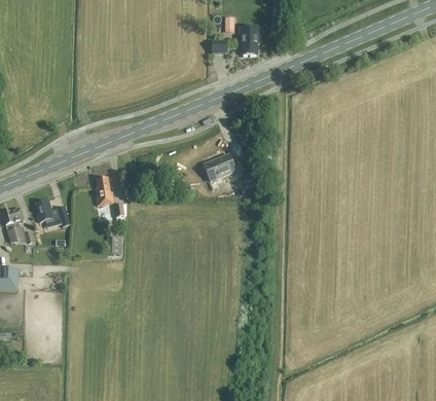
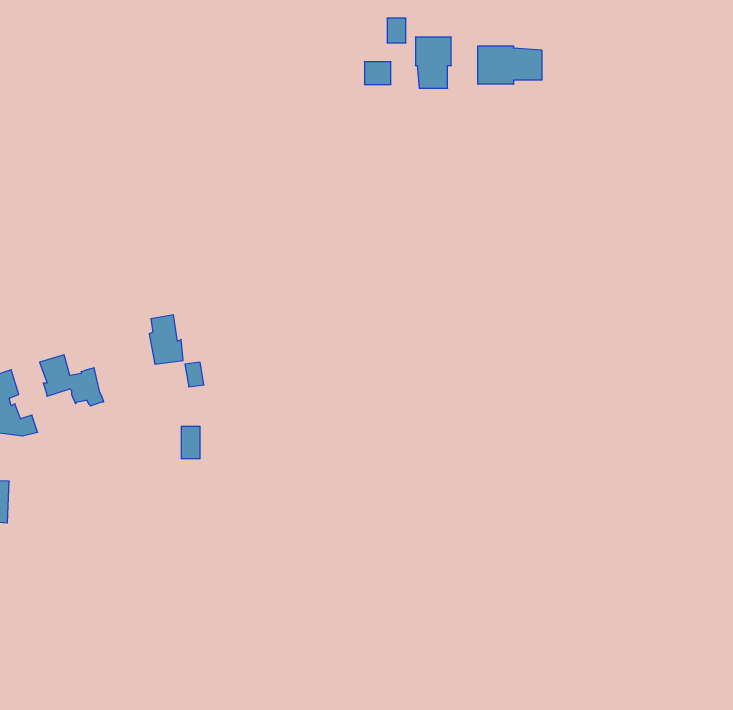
building: none -> [478,46,542,84]
building: [204,153,252,180] -> none

